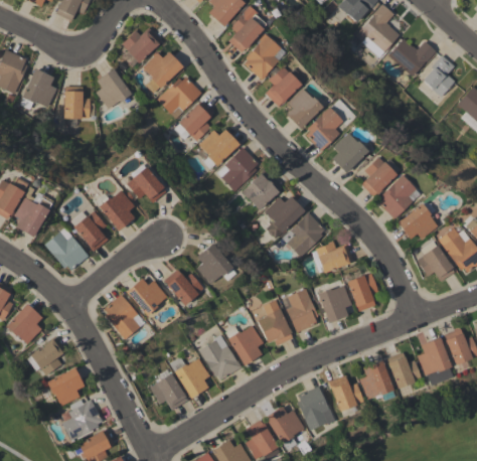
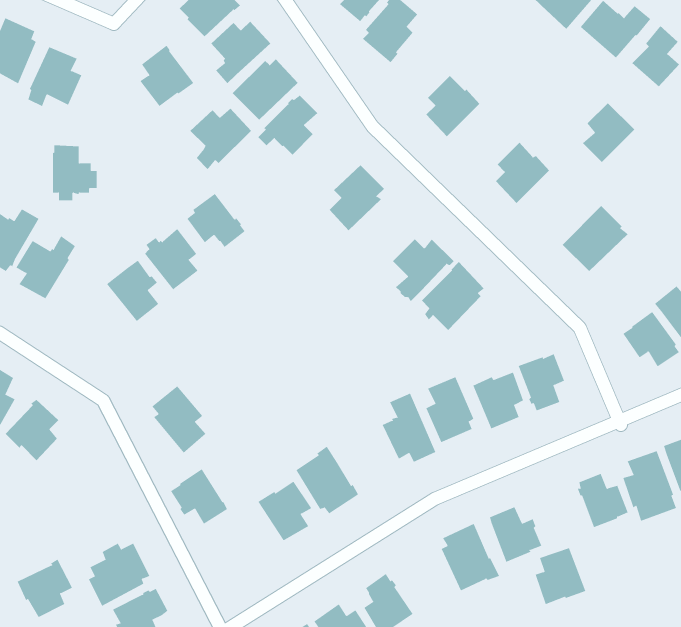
building: [266,65,301,107] -> none
building: [64,86,95,123] -> [52,145,98,201]
building: [306,107,343,151] -> none
building: [198,129,240,170] -> [190,108,252,170]
building: [361,156,396,196] -> [582,102,635,163]
building: [242,169,282,210] -> none
building: [398,203,439,239] -> none
building: [44,226,89,270] -> none
building: [316,241,354,273] -> none
building: [196,243,235,284] -> none
building: [163,269,202,305] -> none
building: [126,278,166,316] -> none
building: [227,325,264,365] -> none
building: [27,336,66,375] -> none
building: [359,360,393,399] -> [535,547,586,605]
building: [47,366,85,406] -> [17,559,73,618]
building: [150,372,188,410] -> [170,468,228,524]
building: [264,407,304,444] -> none

